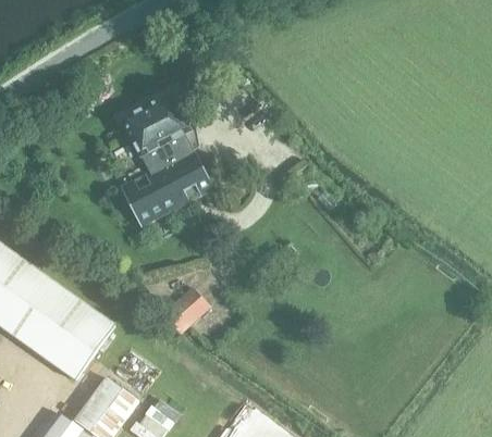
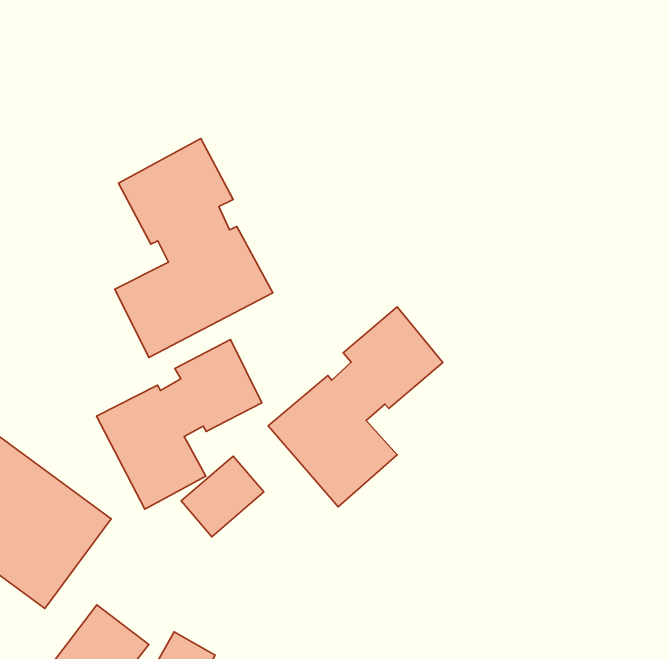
building: none -> [268,307,443,507]
building: none -> [96,340,262,509]

